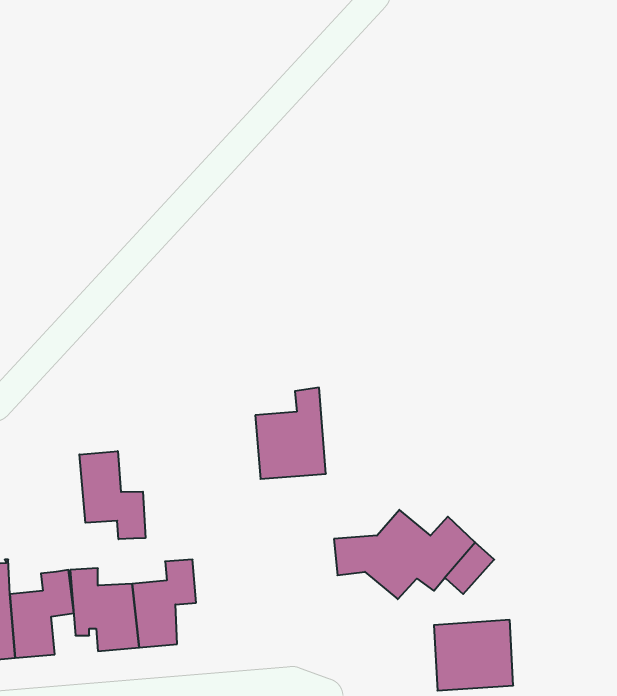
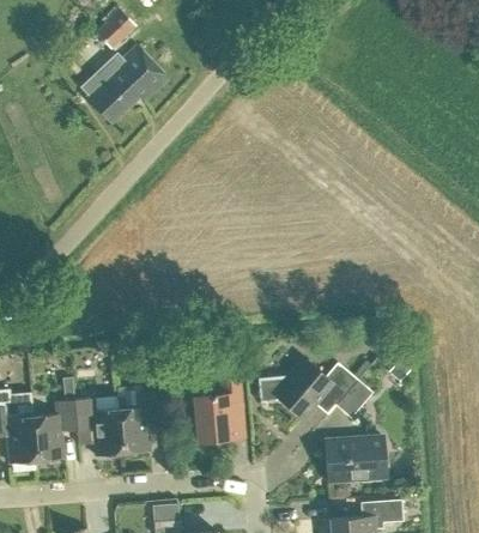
building: none -> [96,10,135,48]
building: none -> [86,44,169,122]
building: [255,388,326,479] -> [195,377,244,441]
building: [79,451,145,539] -> none

